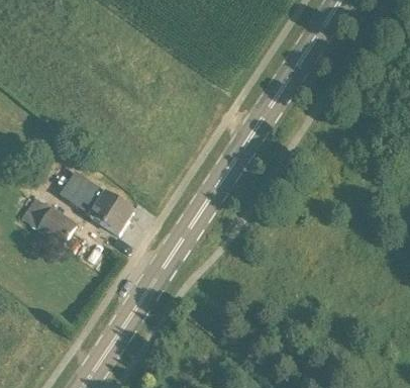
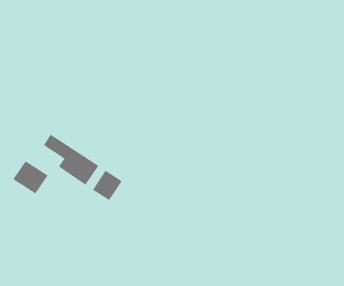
building: none -> [92,170,122,201]

